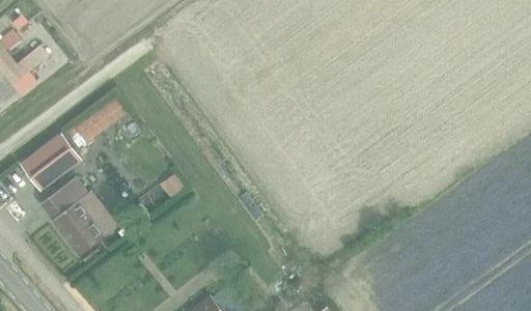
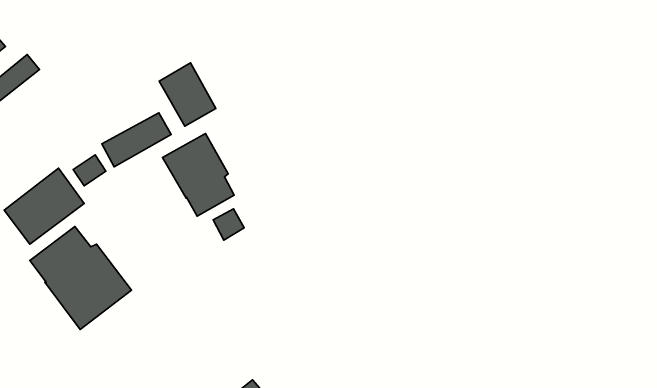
building: none -> [159,63,216,126]
building: none -> [163,134,234,216]

